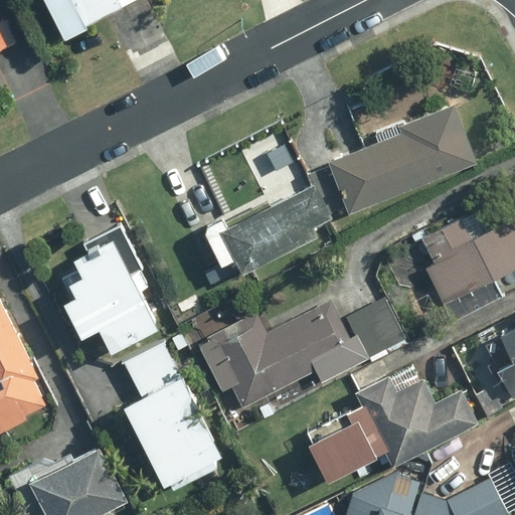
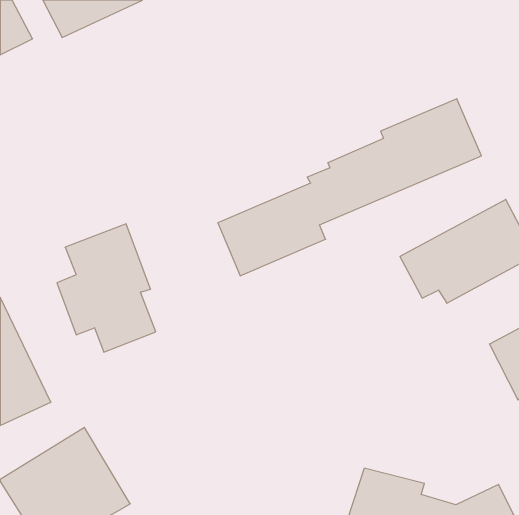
building: [196,299,404,421] -> none
building: [120,343,221,492] -> none
building: [304,375,477,485] -> none

